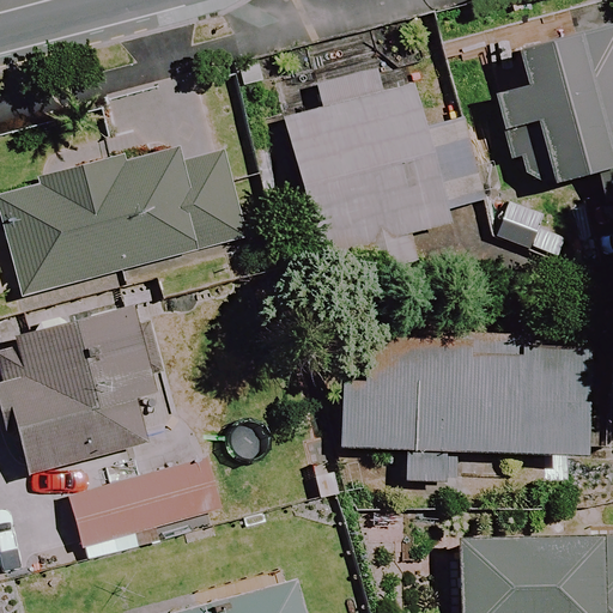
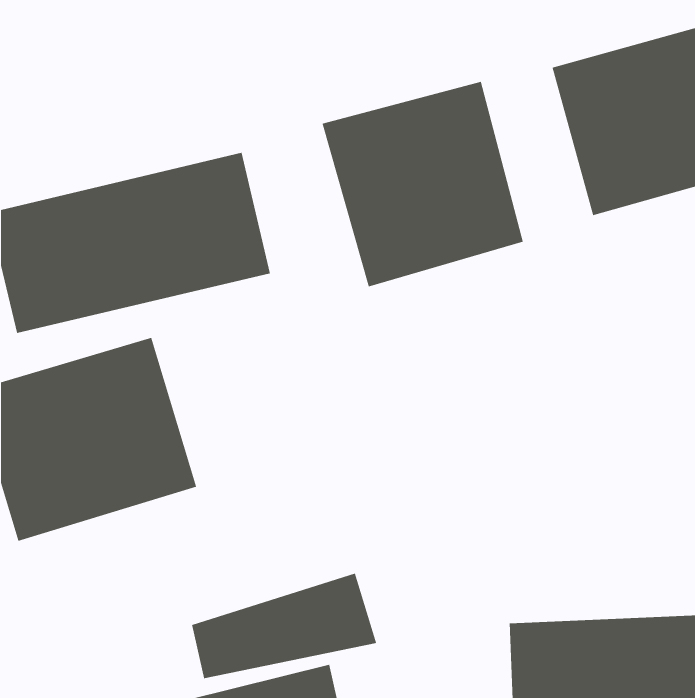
building: [339,335,602,457] -> none
building: [74,449,237,542] -> [191,572,377,679]

